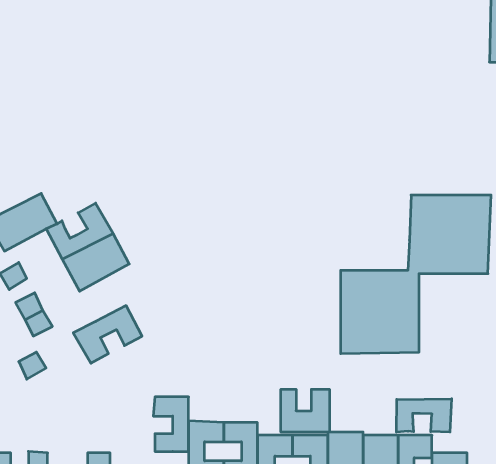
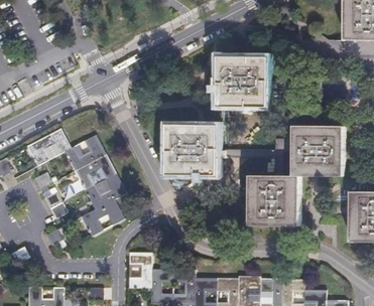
building: none -> [213,57,265,109]
building: none -> [163,127,213,175]
building: none -> [81,169,122,205]
building: [281,389,329,432] -> none
building: [396,399,452,432] -> none

